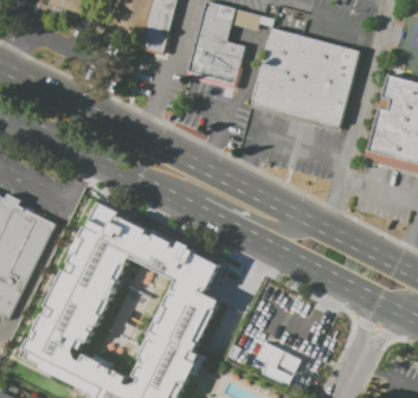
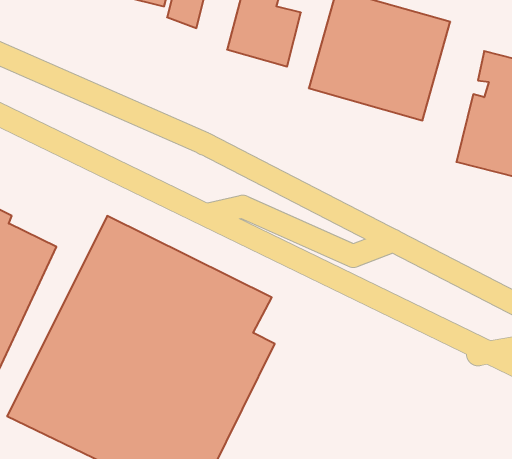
building: [255,341,301,377] -> none

